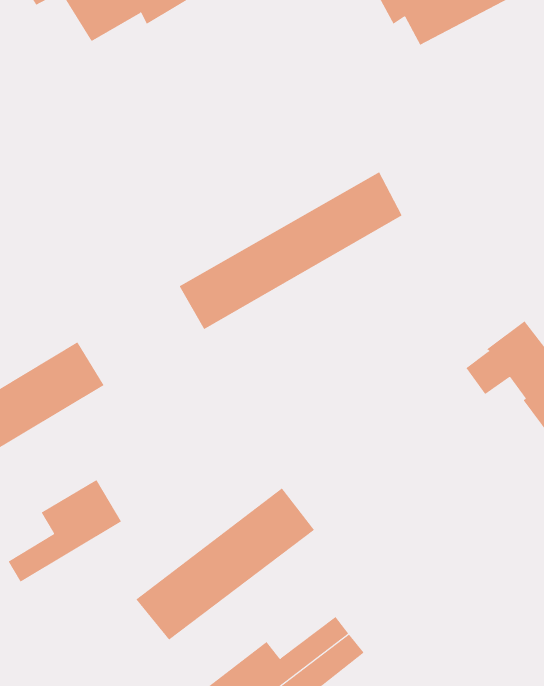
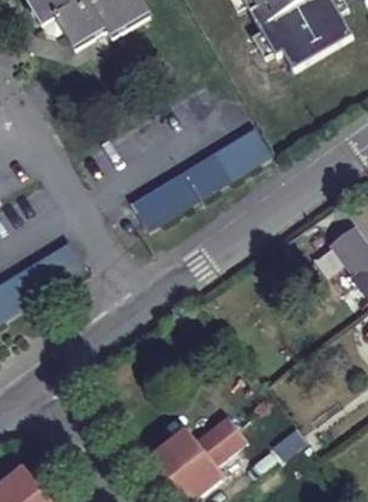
building: [8,479,122,582] -> none
building: [136,487,315,640] -> none

